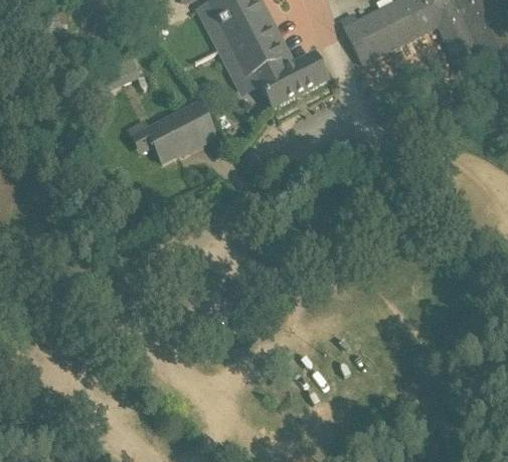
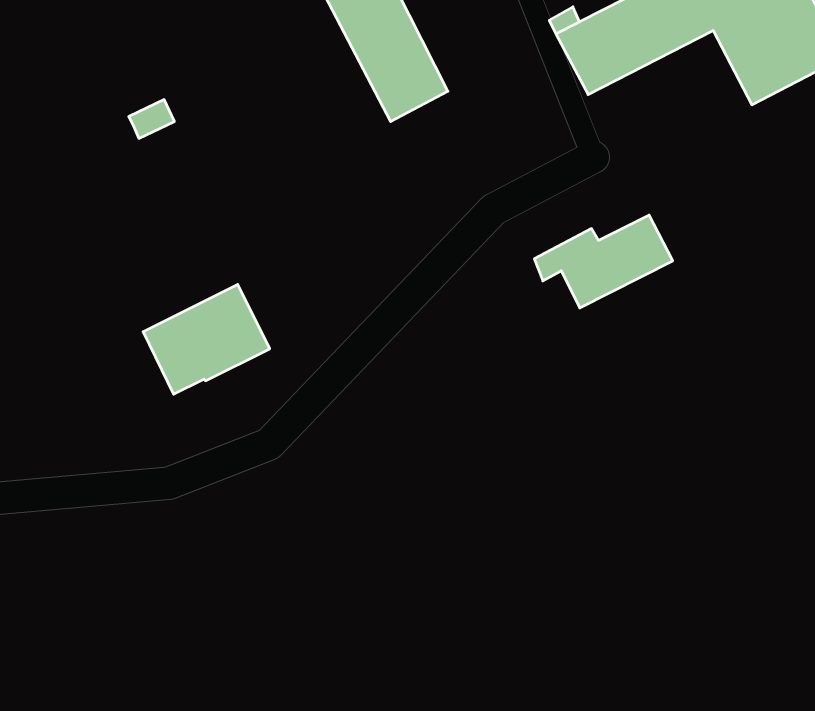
building: [244,52,327,108] -> [534,215,673,308]
building: [143,99,218,164] -> [143,284,270,394]

